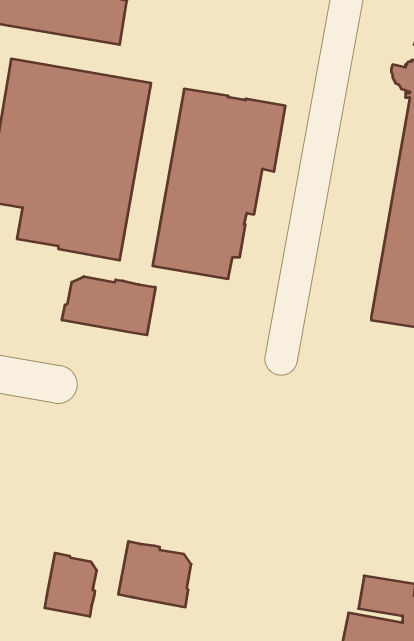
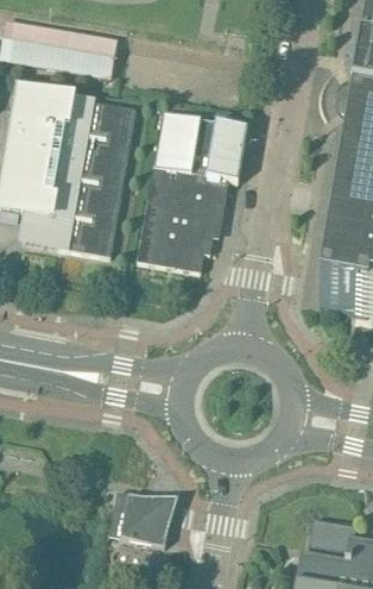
building: [62,276,155,335] -> none
building: [45,553,97,617] -> none

